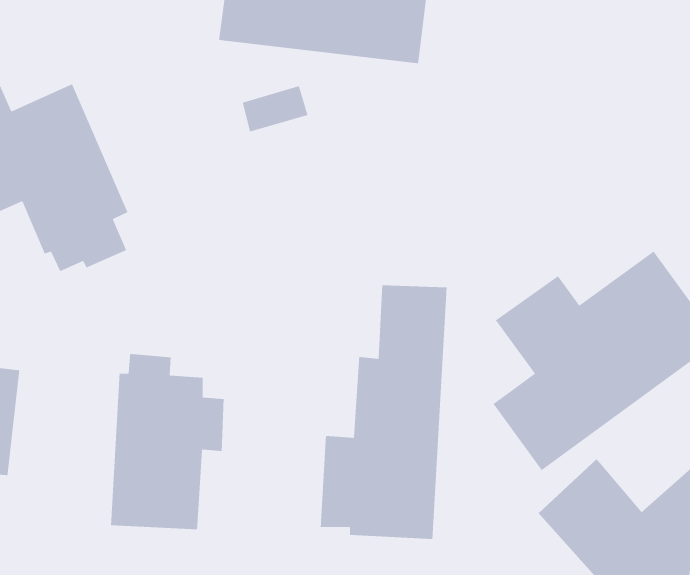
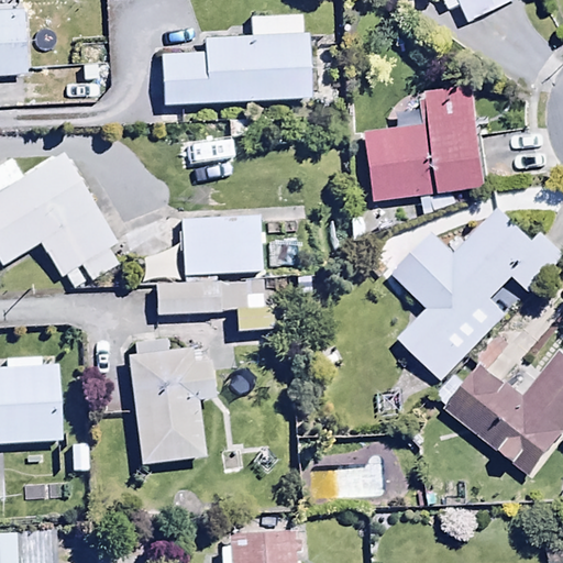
building: none -> [361,86,484,214]
building: none -> [153,216,274,349]
building: [320,285,447,540] -> none

